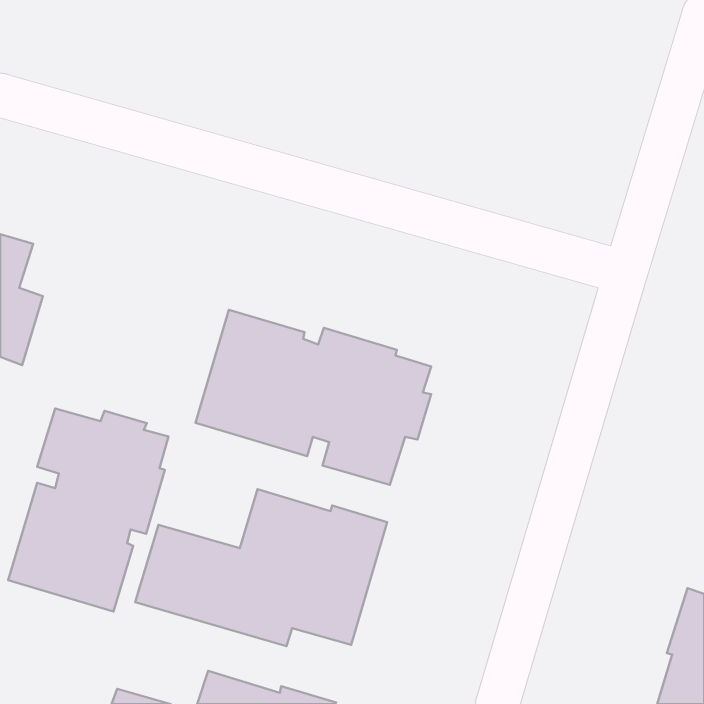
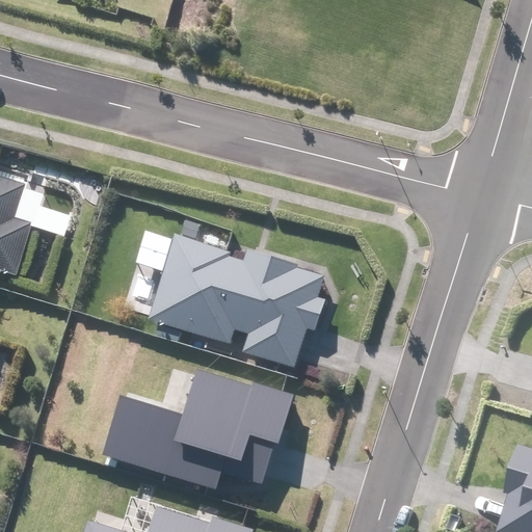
building: [8,408,169,612] -> none

